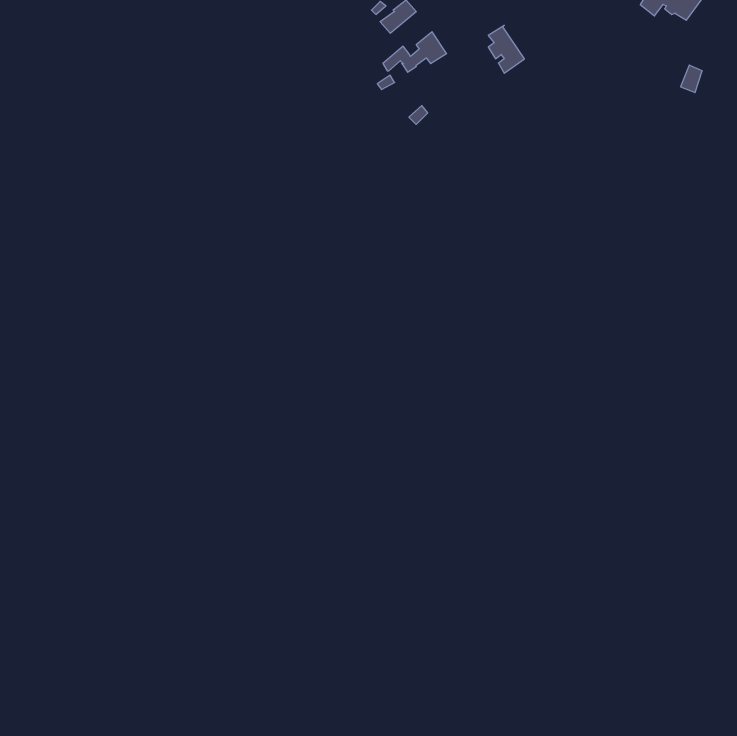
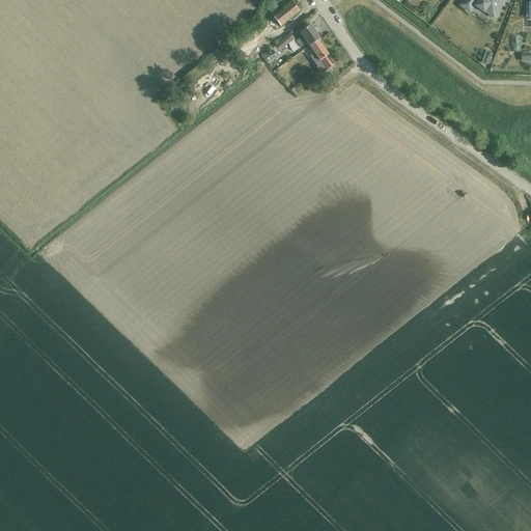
building: [488,25,524,73] -> [309,38,335,73]

